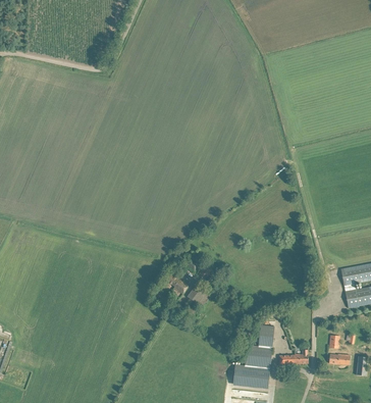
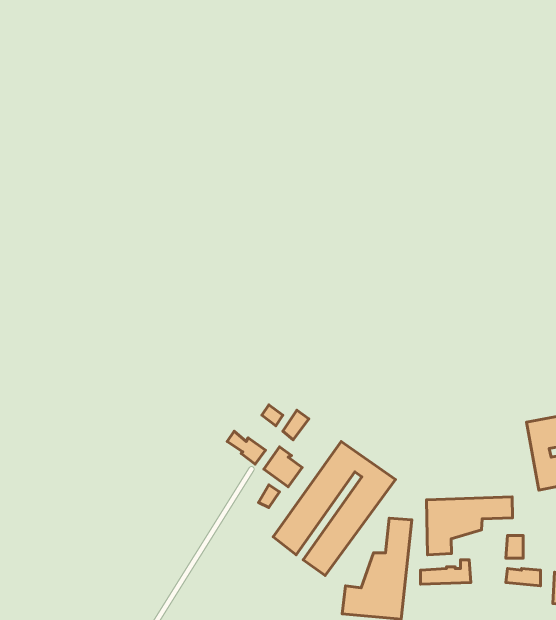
building: none -> [273,441,396,576]
building: none -> [426,497,512,555]

